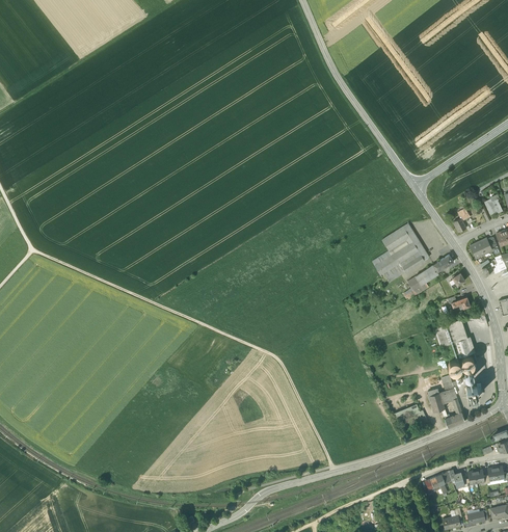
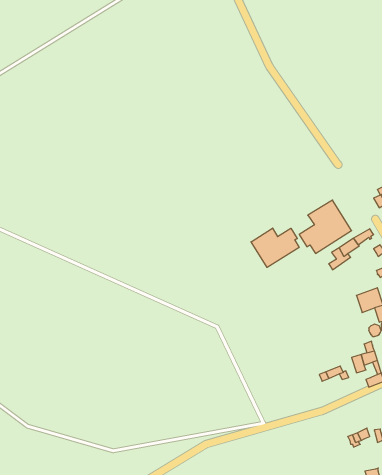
building: none -> [251,228,299,267]

